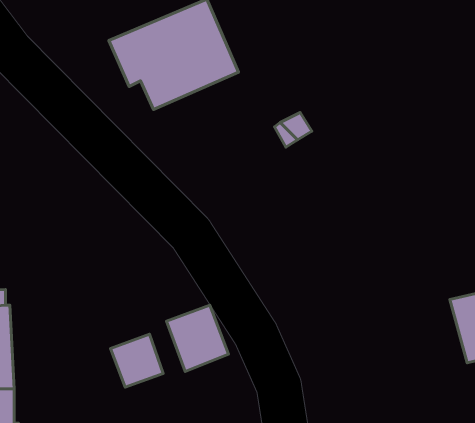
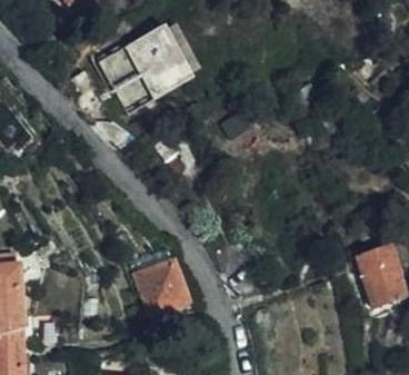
building: [110,334,163,387] -> none

